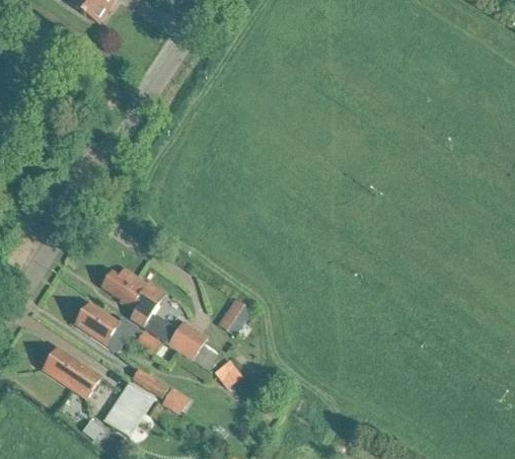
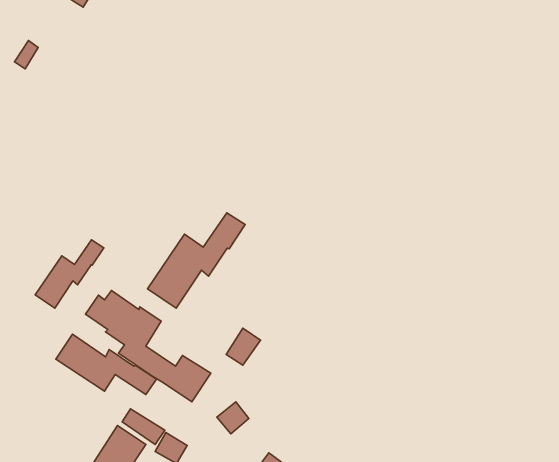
building: none -> [147,213,245,308]
building: none -> [35,240,104,308]
building: [45,349,101,397] -> none

